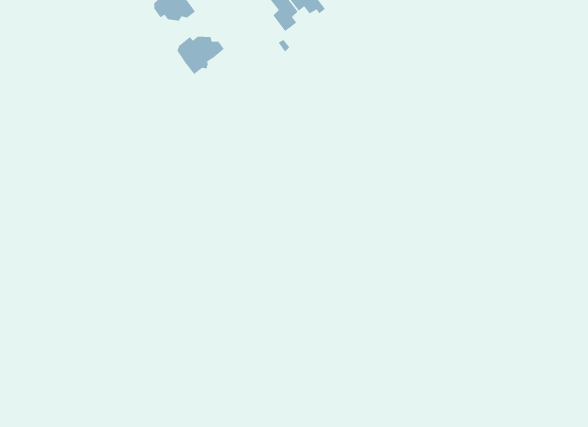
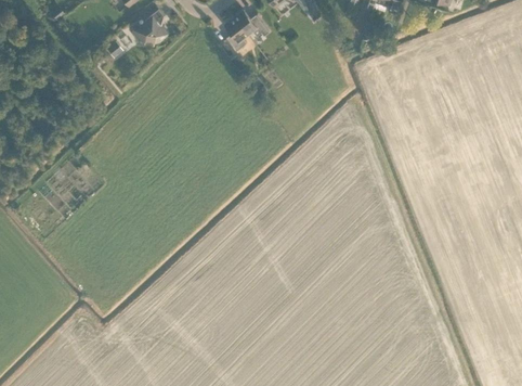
building: [177,36,225,75] -> none

